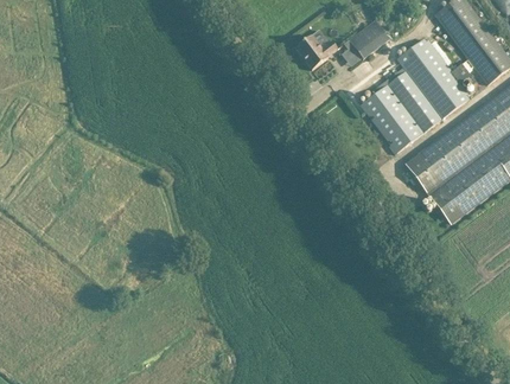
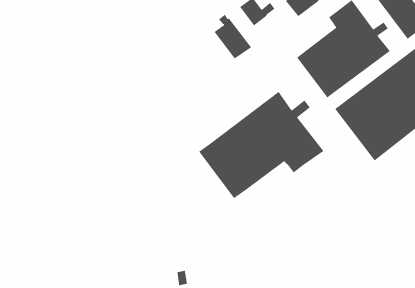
building: none -> [214,14,252,60]
building: none -> [198,91,324,199]

